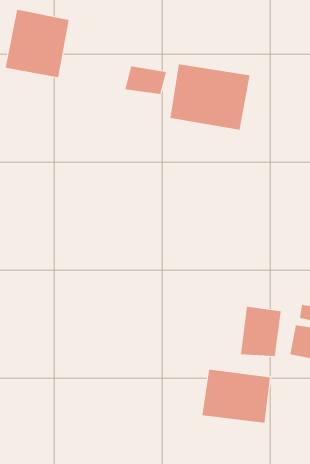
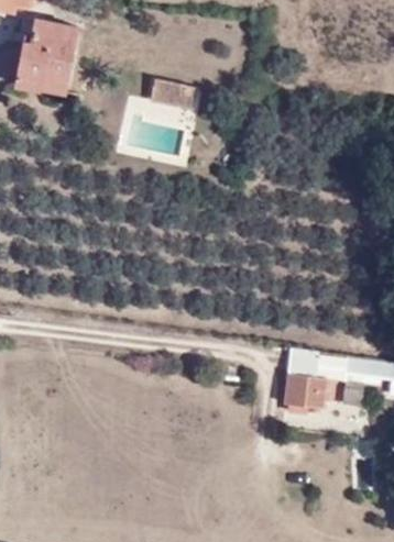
building: [170,63,250,131] -> none
building: [202,369,270,424] -> none

